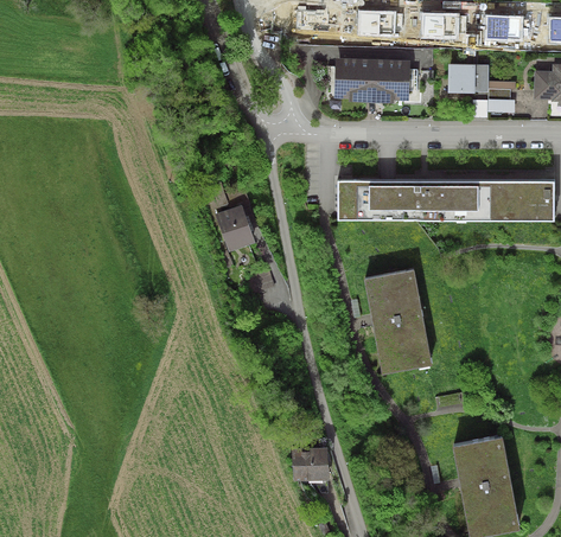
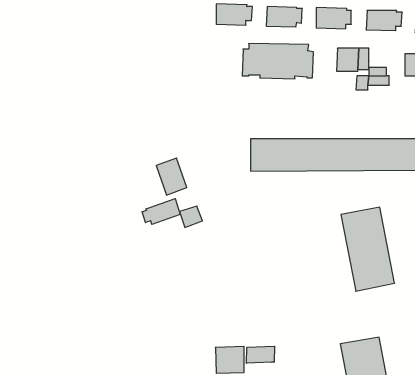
building: none -> [142,199,180,224]
building: [364,268,433,376] -> [341,207,395,291]
building: none -> [246,346,274,363]

